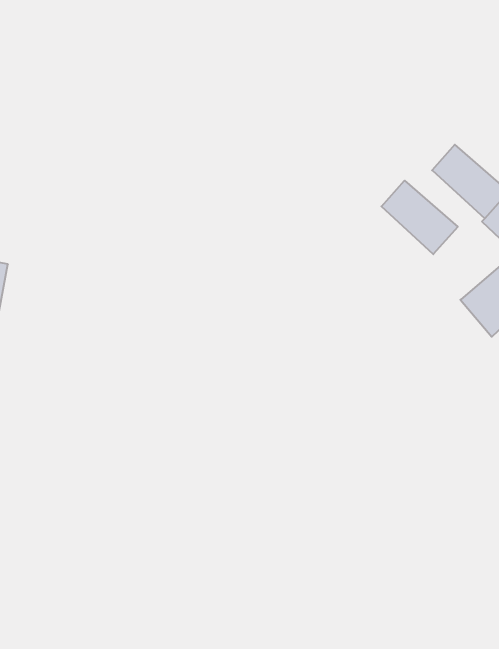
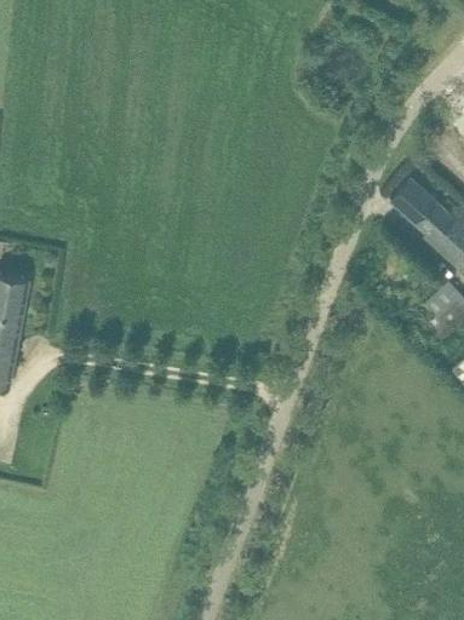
building: [381,181,458,254] -> none

